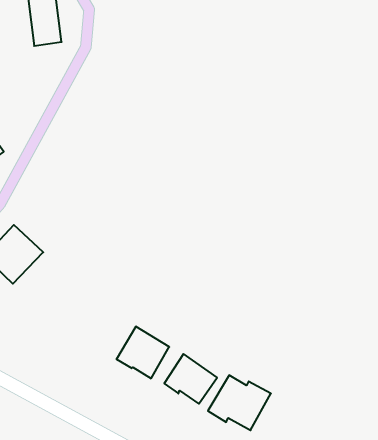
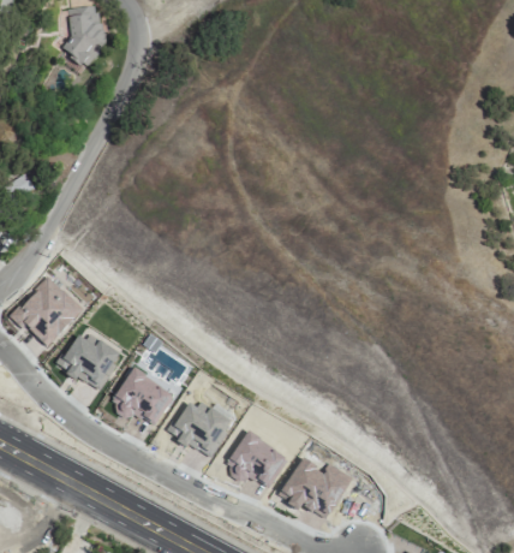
building: none -> [56,329,120,391]
building: none -> [110,369,173,426]

